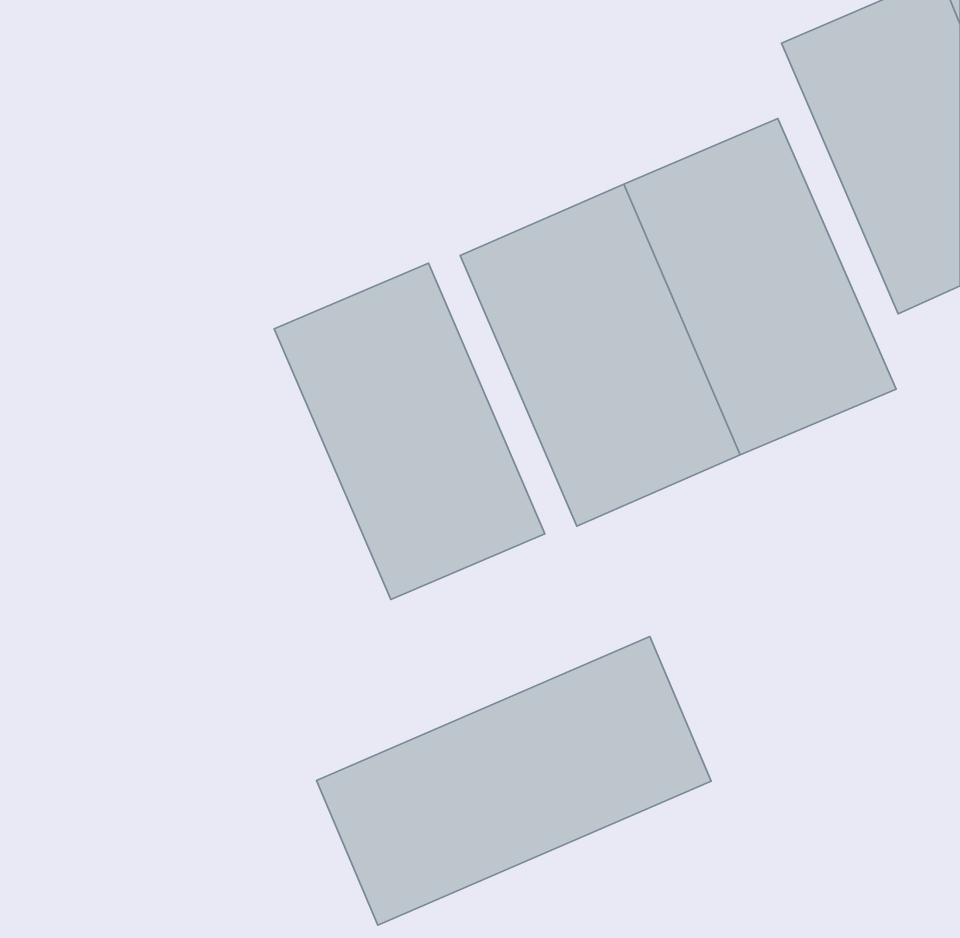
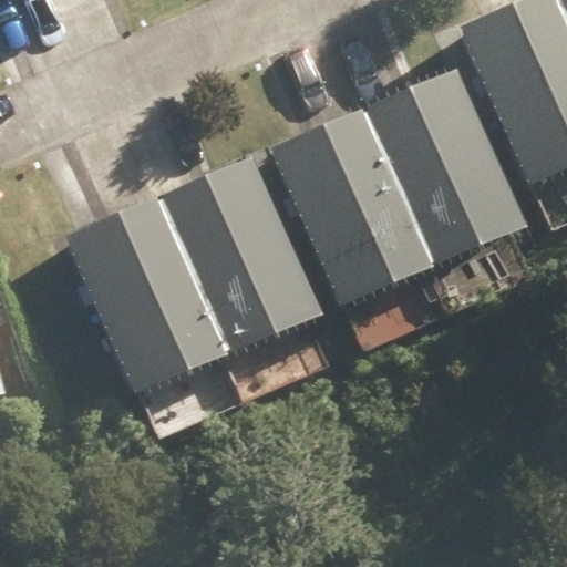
building: none -> [64,194,230,394]
building: [317,636,711,925] -> none

